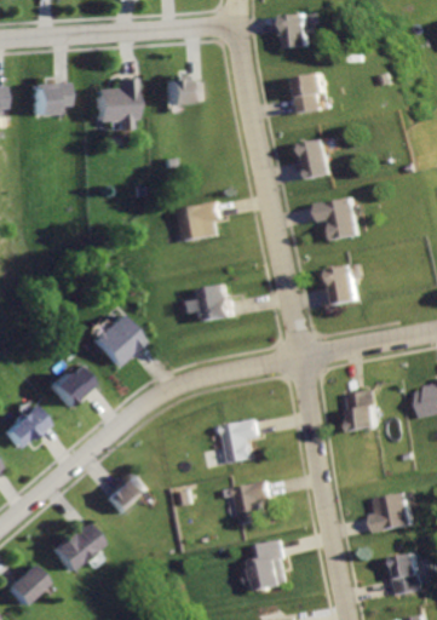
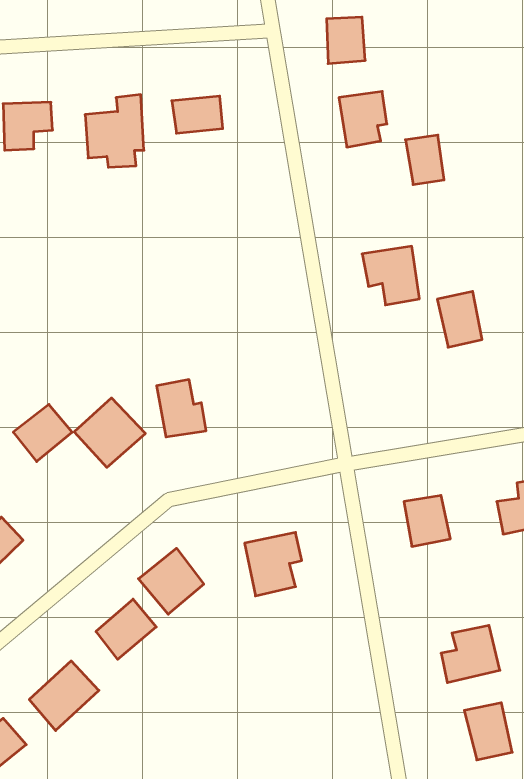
building: [298,139,328,178] -> [405,135,444,185]
building: [176,201,220,245] -> none
building: [318,264,353,308] -> [437,291,482,347]
building: [196,280,235,325] -> [157,380,206,437]
building: [42,364,88,409] -> [13,404,72,462]
building: none -> [138,548,204,614]
building: [229,478,271,527] -> none
building: [240,539,283,592] -> none

